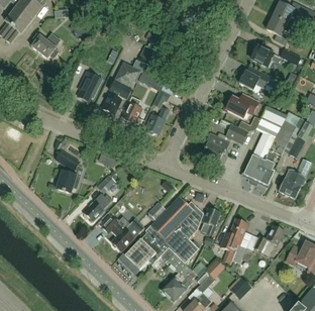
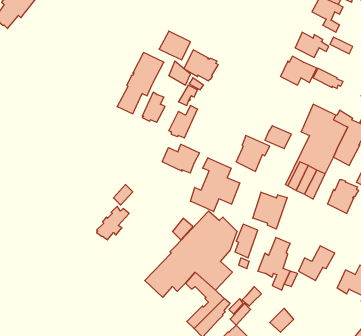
building: [31,32,61,59] -> none
building: none -> [184,50,218,81]
building: [78,71,101,101] -> none
building: [223,94,258,118] -> none
building: none -> [162,144,199,173]
building: [57,149,81,192] -> none
building: none -> [190,158,240,212]
building: none -> [253,192,287,229]
building: [102,216,145,250] -> none

